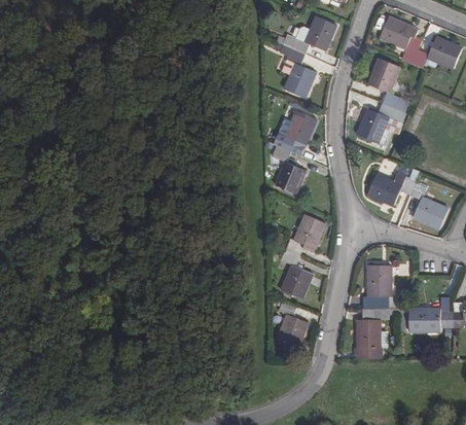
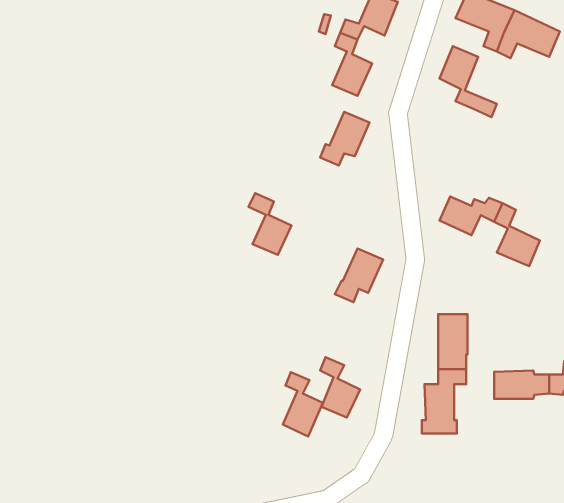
building: [357,101,408,142] -> none
building: [272,144,304,191] -> [248,193,291,255]
building: [282,249,313,298] -> [283,372,323,436]

